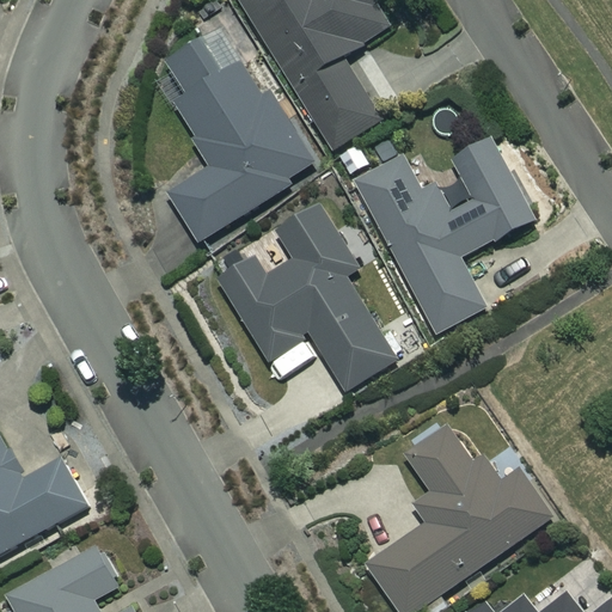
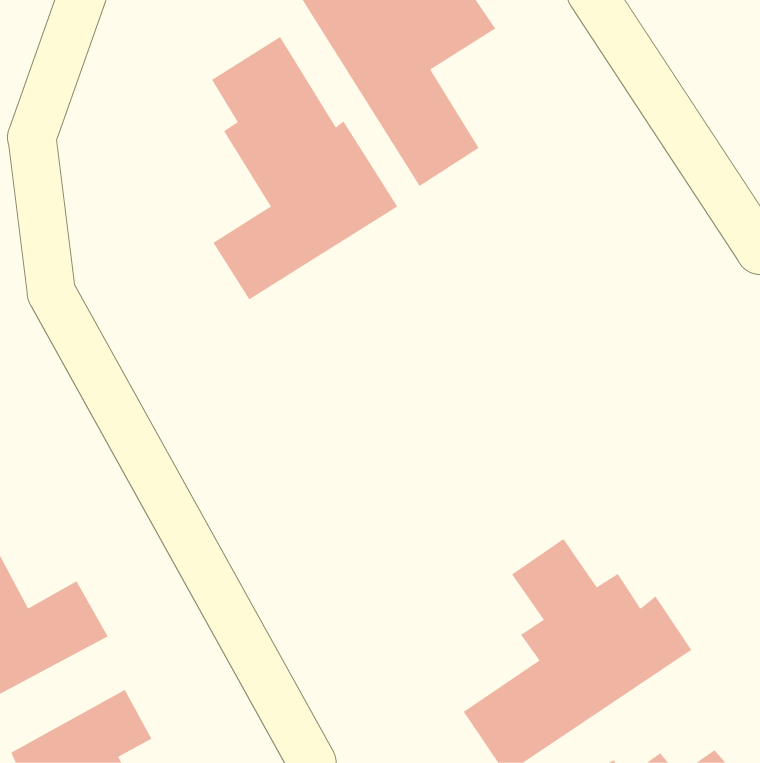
building: [356,139,536,330] -> none
building: [221,208,394,391] -> none

